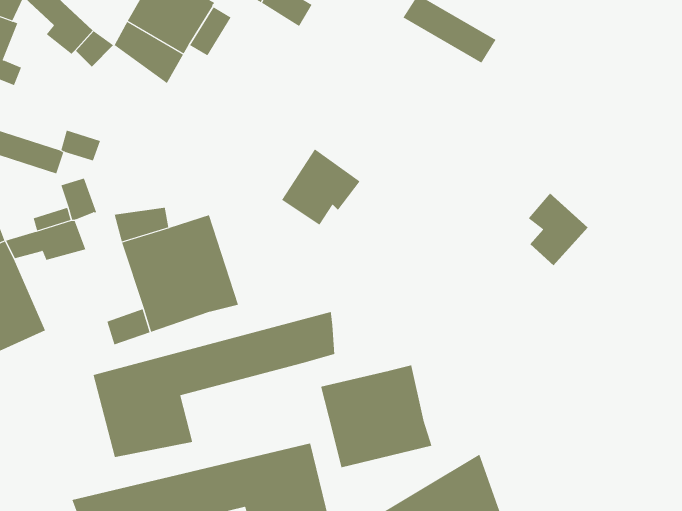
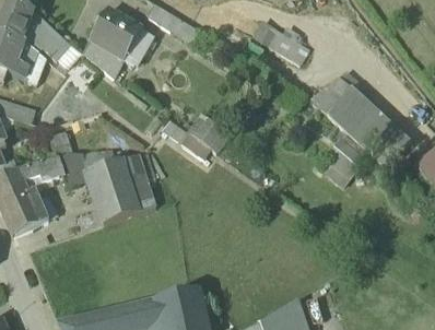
building: none -> [314,73,410,166]
building: [93,311,335,458] -> none
building: [320,364,432,468] -> none

